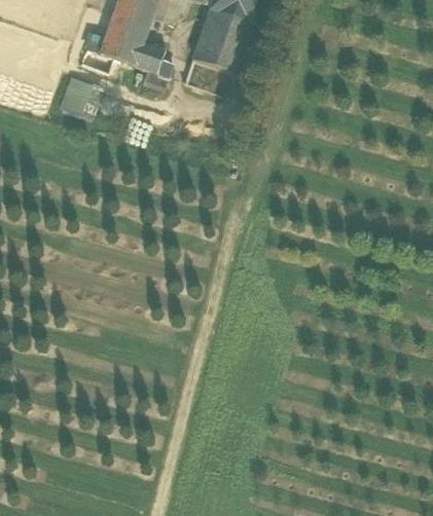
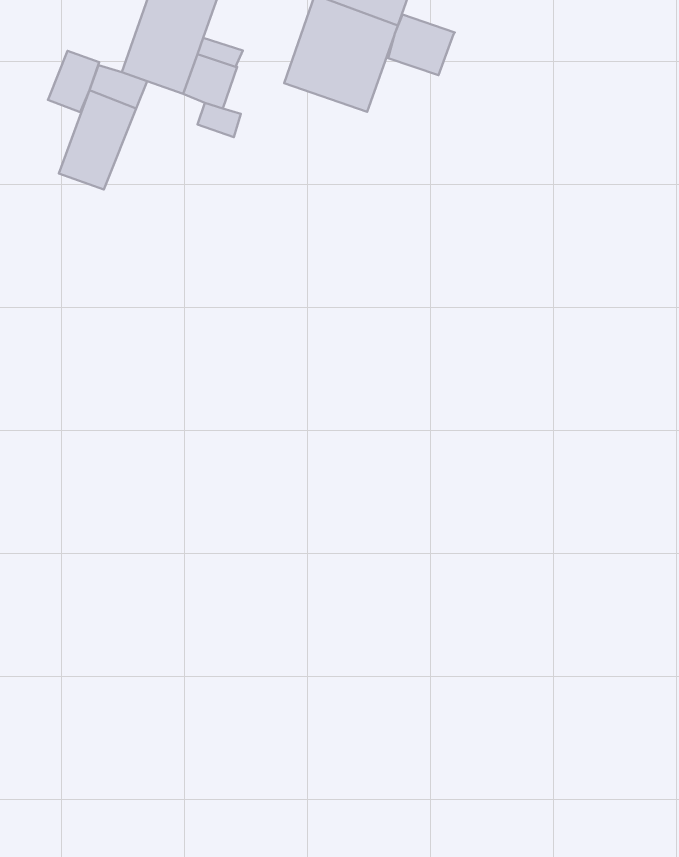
building: none -> [388,15,455,75]
building: none -> [48,51,99,112]

